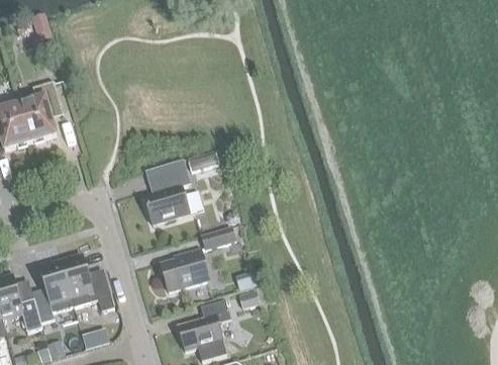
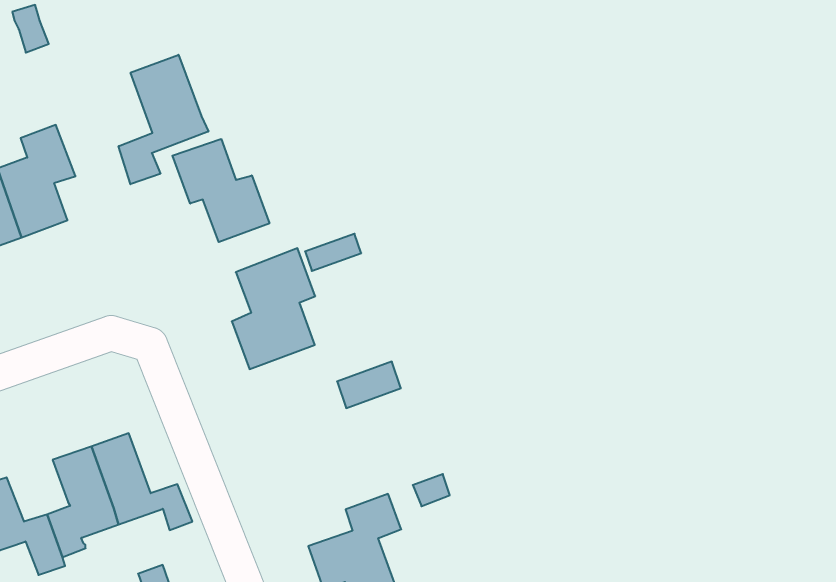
building: none -> [119,55,208,184]
building: none -> [172,139,269,242]
building: [160,248,209,290] -> none

